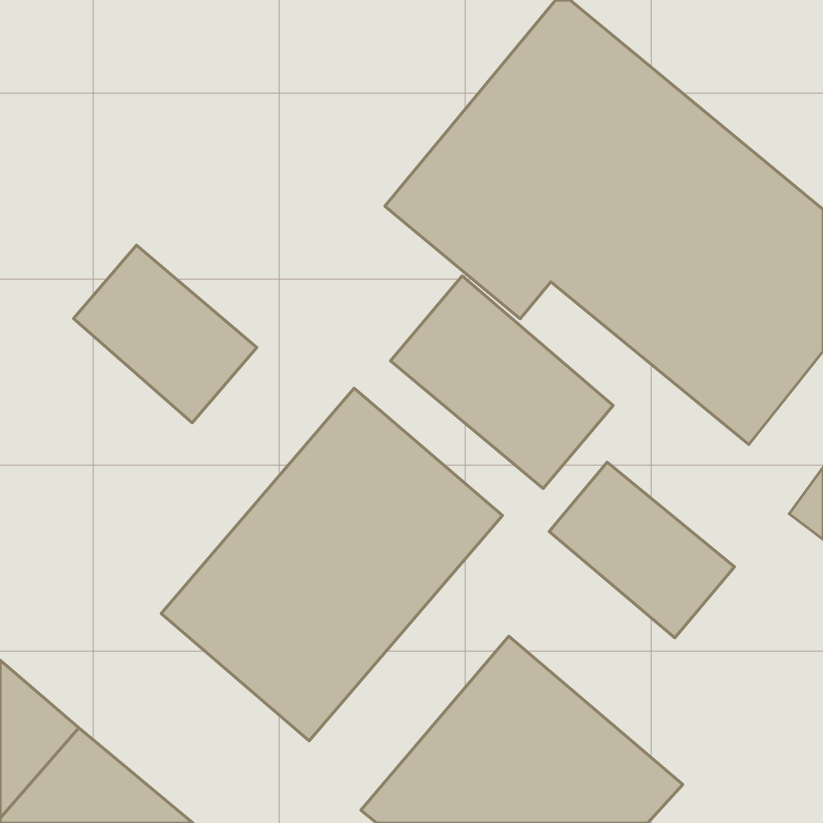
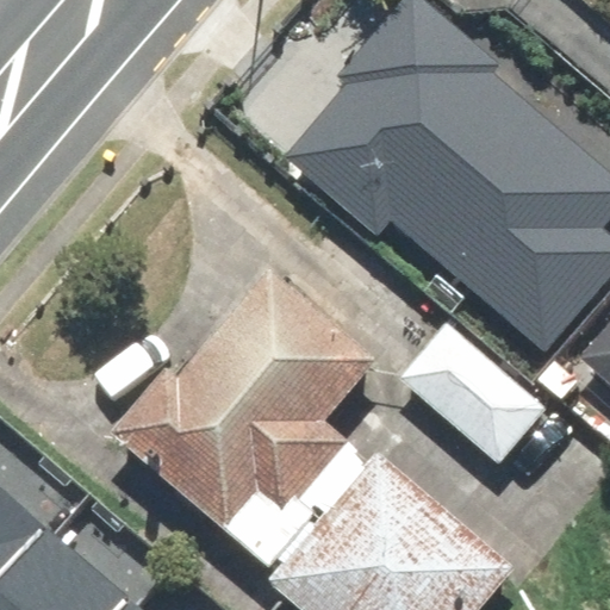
building: [73,245,257,423] -> none
building: [391,276,613,489] -> none

